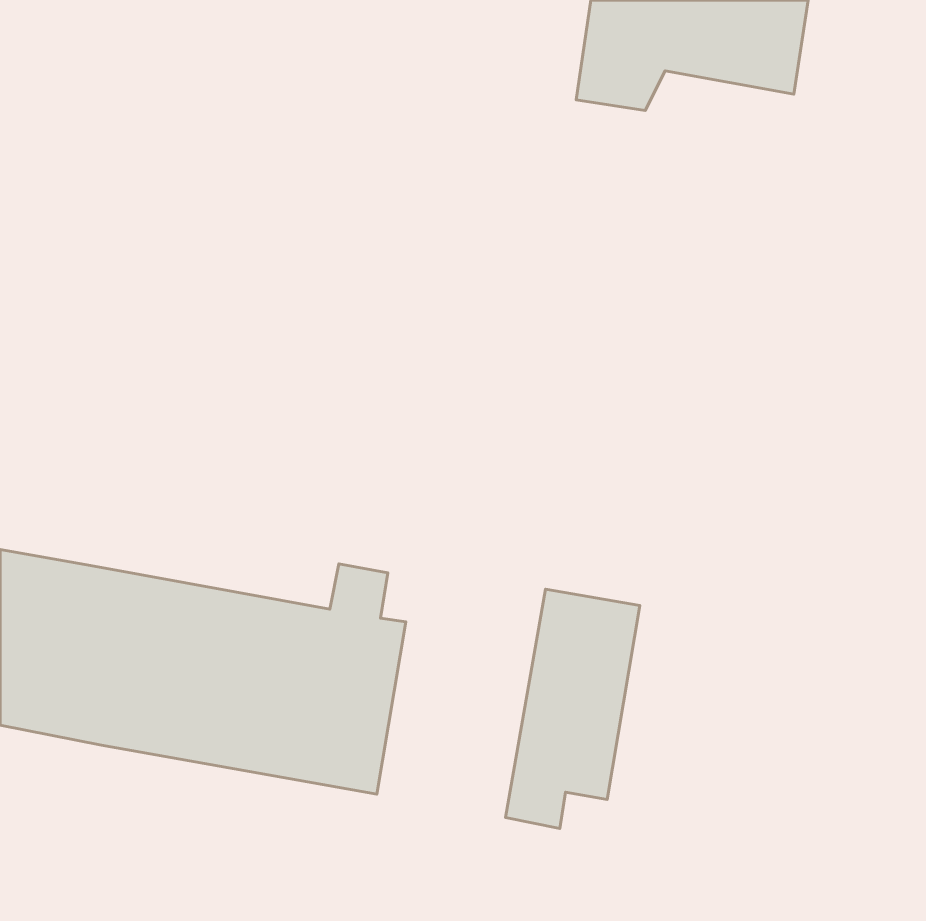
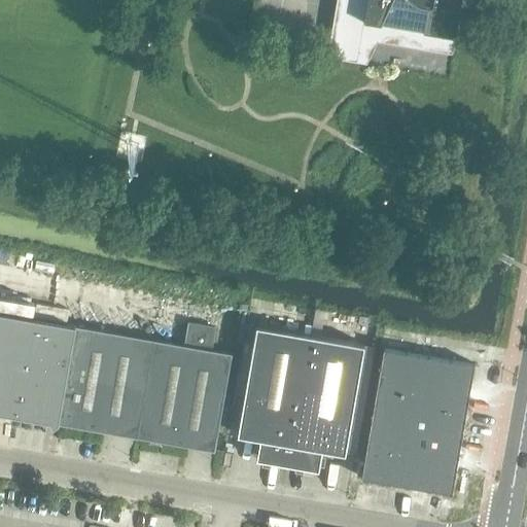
building: none -> [237,328,310,467]
building: none -> [360,351,473,496]

